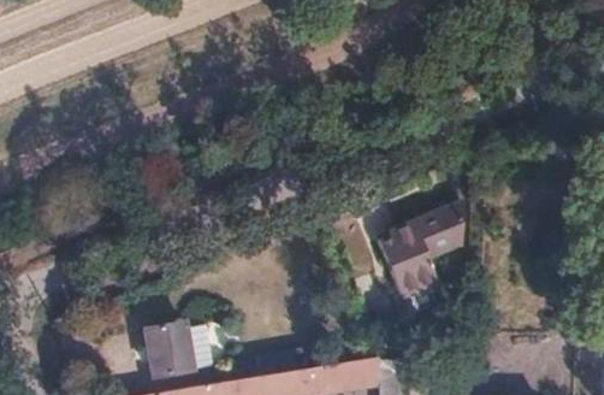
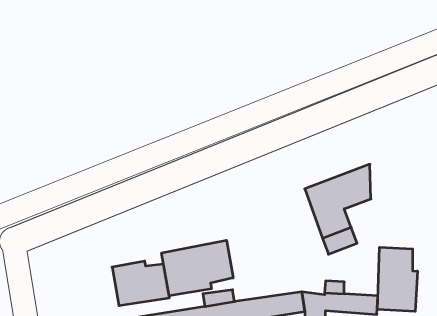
building: none -> [162,240,233,296]
building: none -> [377,247,417,311]

